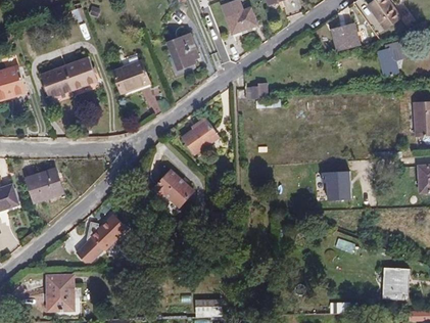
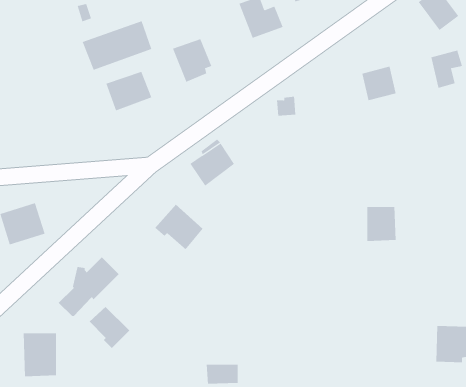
building: [331,22,360,51] -> [361,66,397,101]
building: [41,57,98,98] -> [82,20,152,71]
building: none -> [89,306,130,349]

